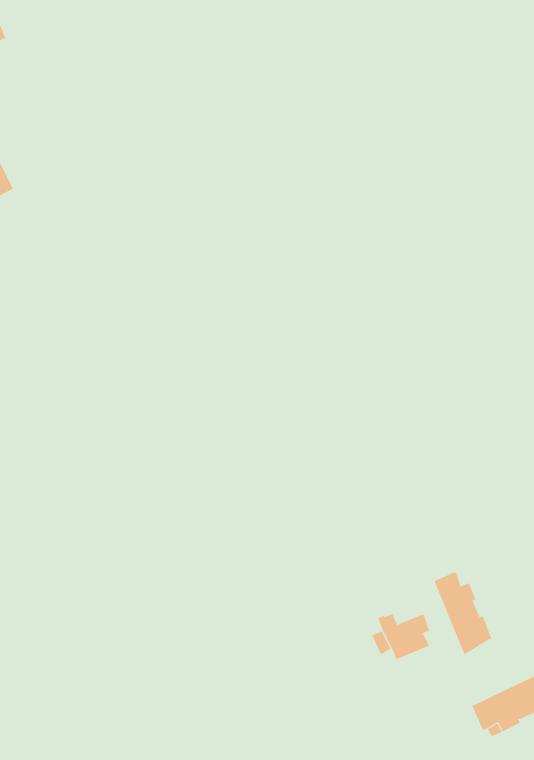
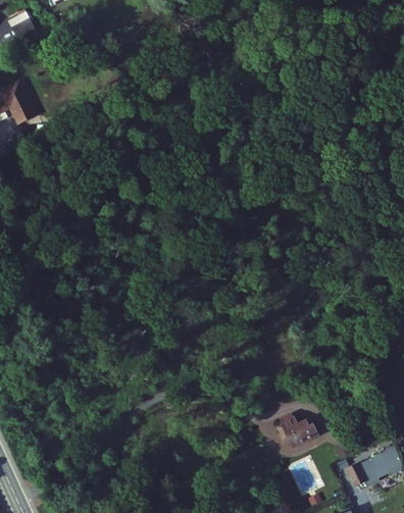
building: [434,571,492,655] -> none

